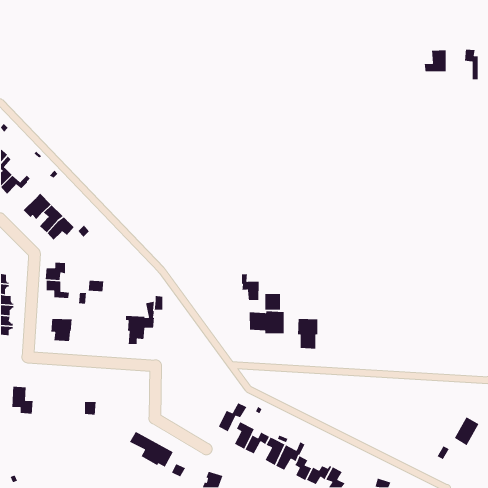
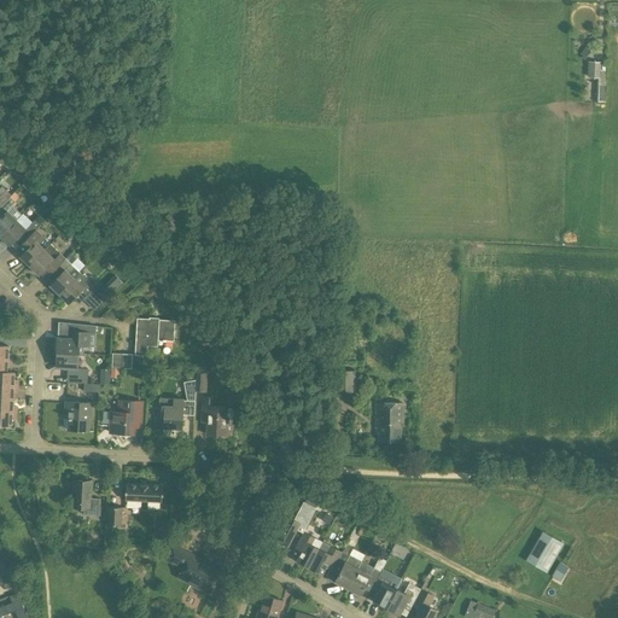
building: [424,50,447,72] -> none
building: none -> [16,229,45,266]
building: none -> [134,319,175,356]
building: [241,274,260,301] -> none
building: [249,310,285,334] -> none
building: none -> [202,397,234,436]
building: none -> [110,401,141,435]
building: none -> [124,483,162,502]
building: [11,386,33,415] -> [72,480,100,517]
building: [454,416,480,446] -> [530,535,562,572]

